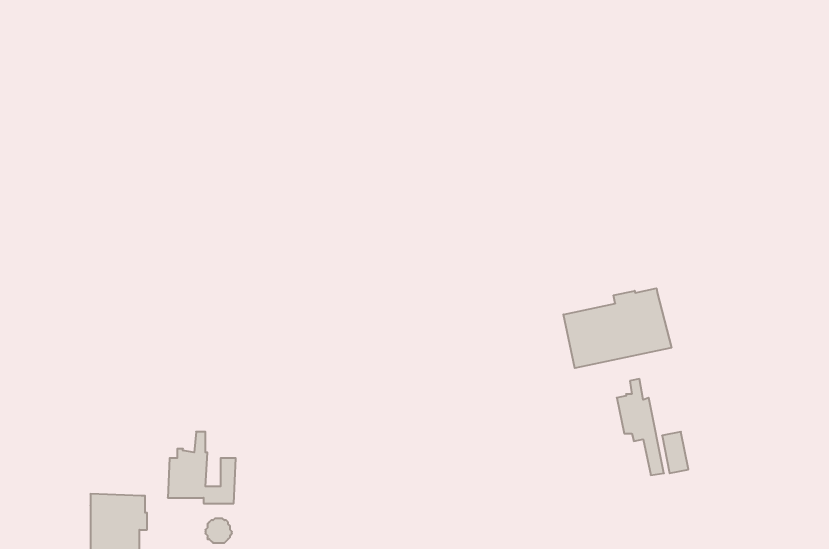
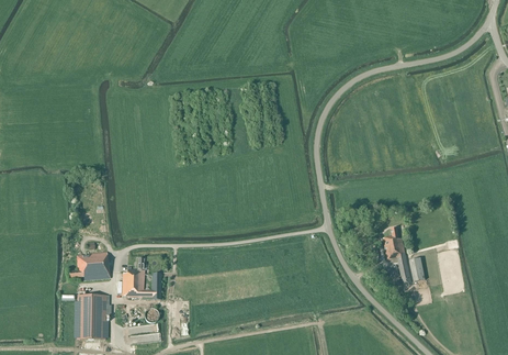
building: [563,288,671,368] -> none
building: none -> [69,253,110,280]

